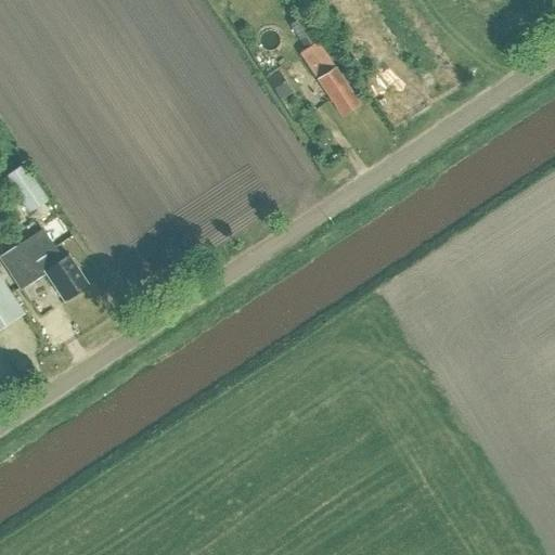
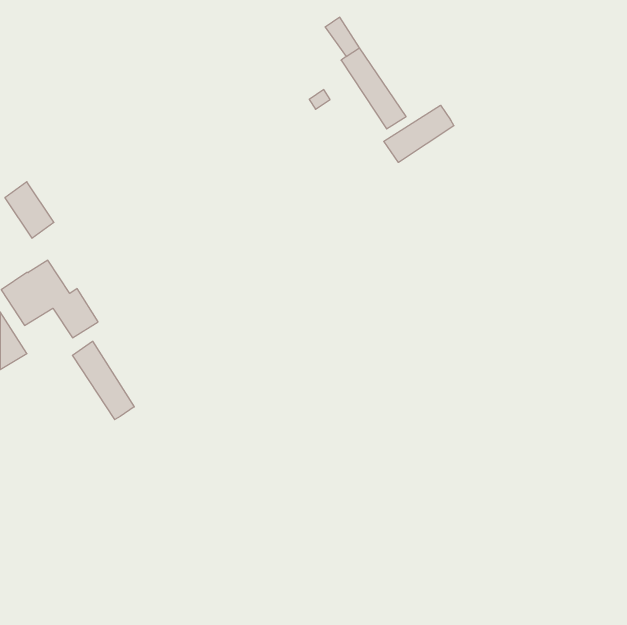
building: none -> [384,105,454,162]
building: none -> [72,341,134,420]

